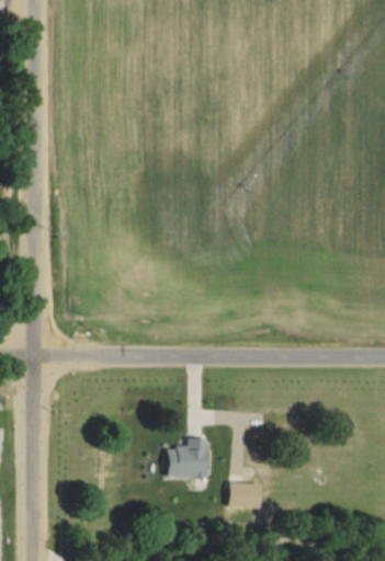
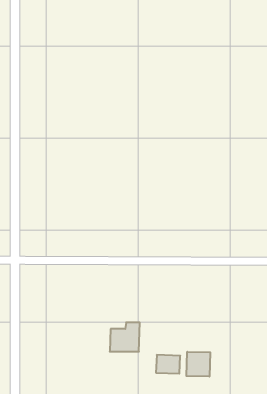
building: none -> [186,352,210,377]

